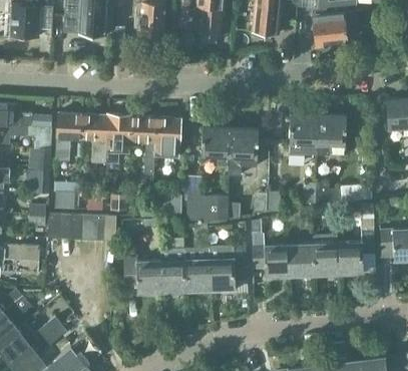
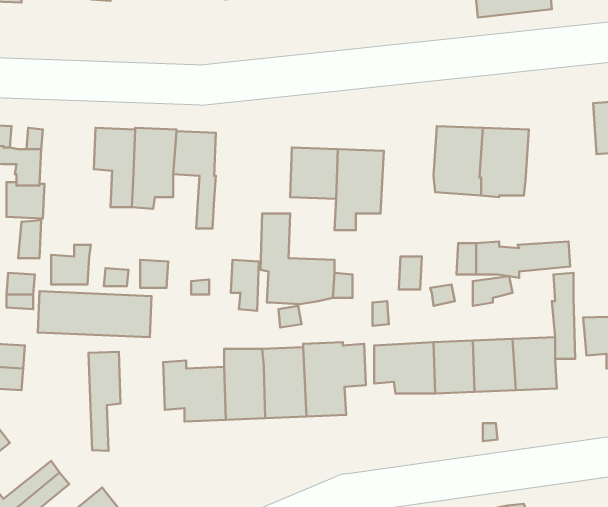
building: [55,113,83,162] -> none
building: [155,117,181,158] -> none
building: none -> [89,352,121,451]

